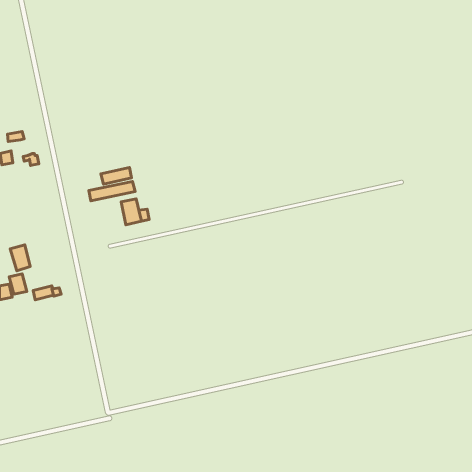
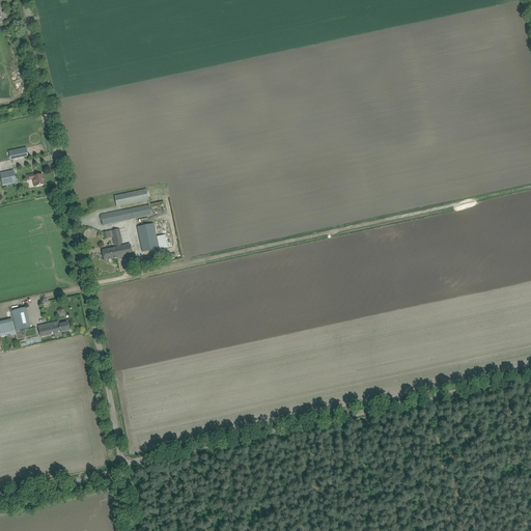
building: none -> [102,228,132,259]
building: [10,245,30,271] -> none

